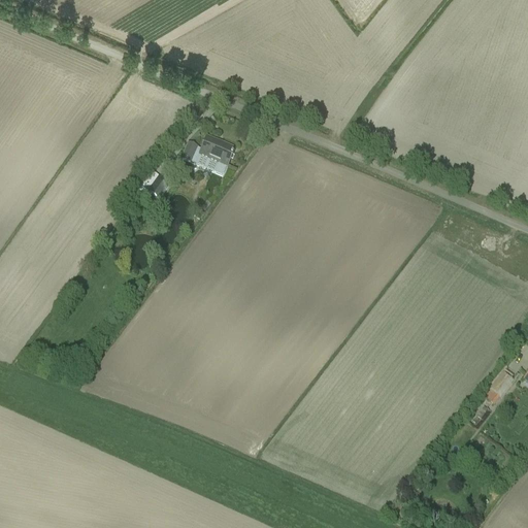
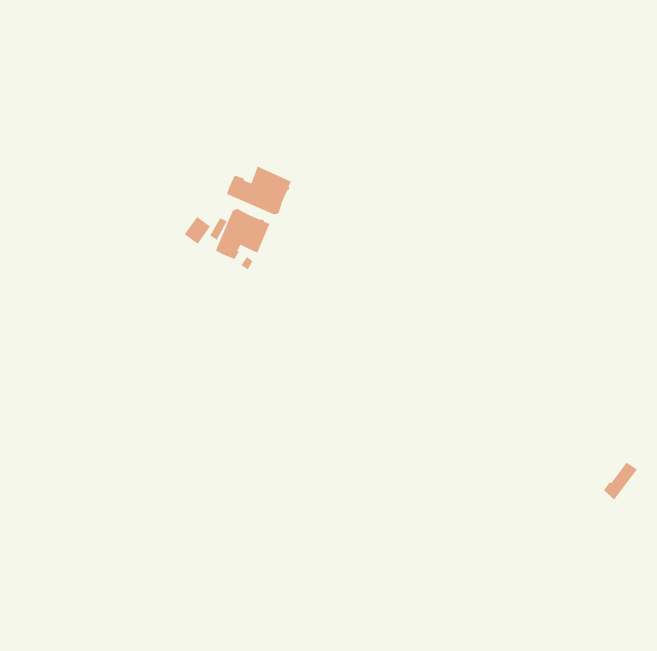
building: none -> [215,208,270,260]

